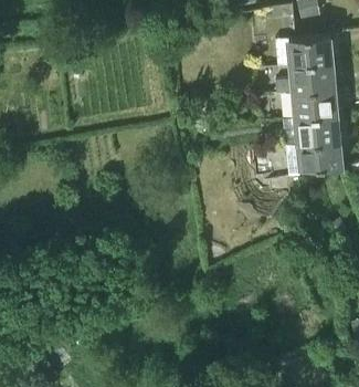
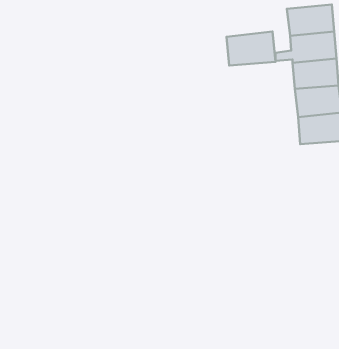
building: none -> [226,32,276,66]

